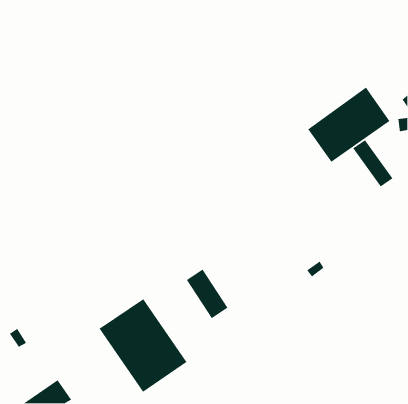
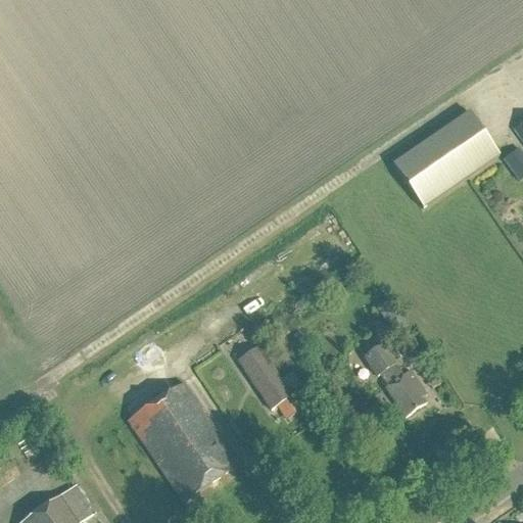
building: [352,139,393,188] -> none
building: none -> [365,342,424,414]

